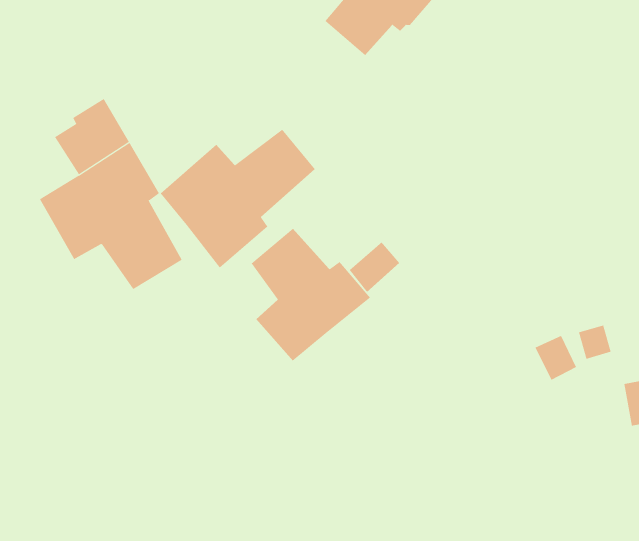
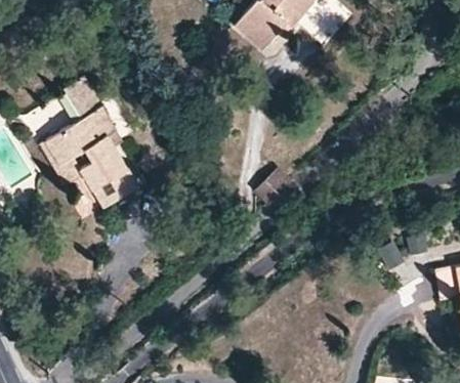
building: [160,129,316,269] -> none
building: [251,228,371,362] -> none

